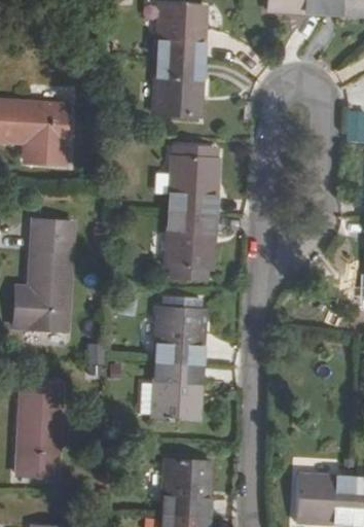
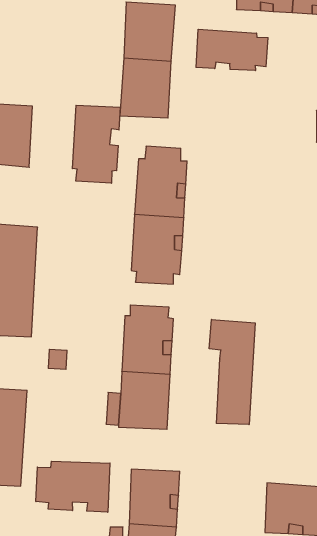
building: none -> [196,29,268,71]
building: none -> [72,105,120,183]
building: none -> [209,319,255,425]
building: none -> [36,461,110,512]

